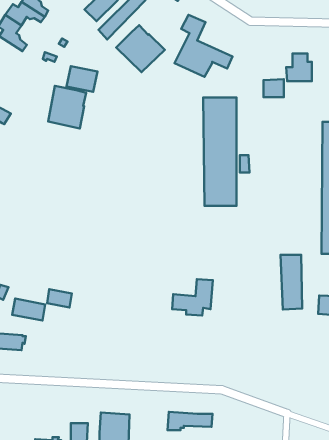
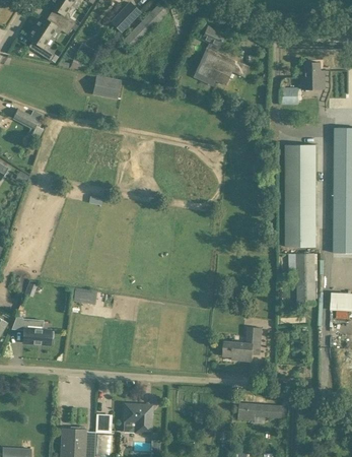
building: [116,25,165,72] -> none
building: [48,86,86,129] -> none
building: [203,97,237,206] -> [284,144,315,247]
building: [172,279,213,316] -> [222,327,261,362]
building: [12,299,45,320] -> none
building: [168,412,213,430] -> [238,403,281,420]

